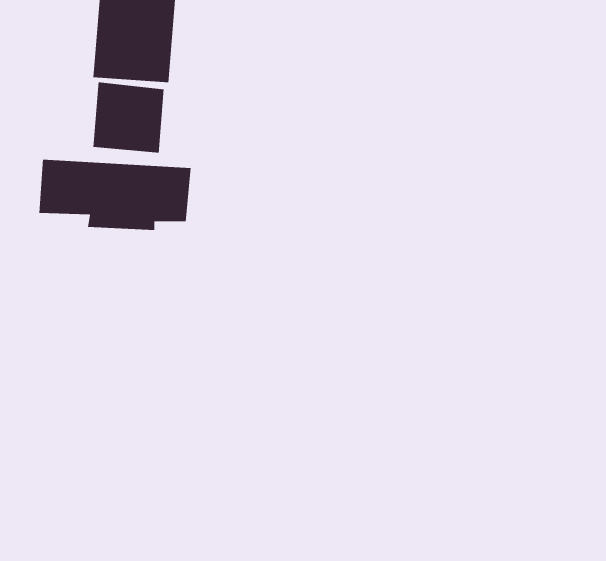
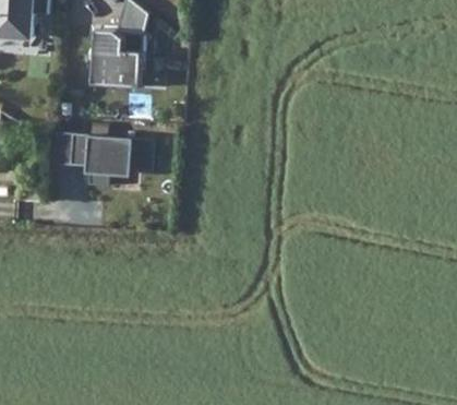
building: [93,82,164,154] -> none

